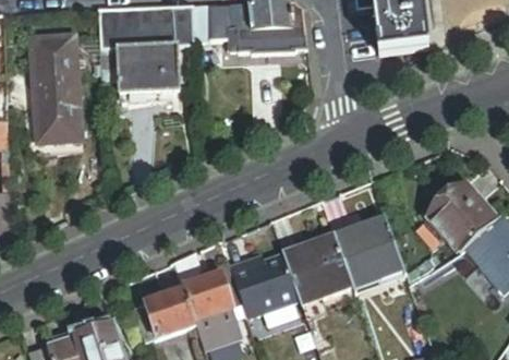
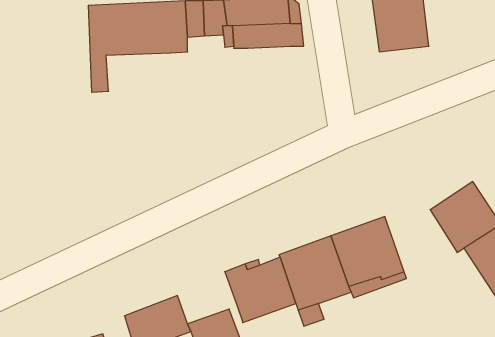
building: [29,35,80,142] -> none
building: [116,55,180,103] -> none
building: [173,250,242,316] -> none

